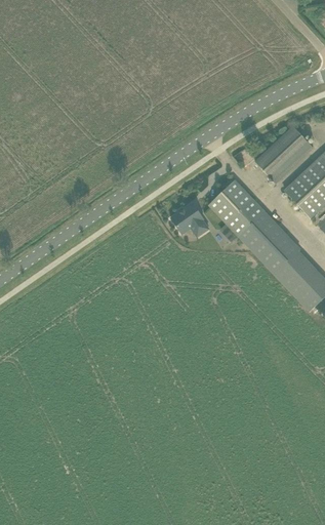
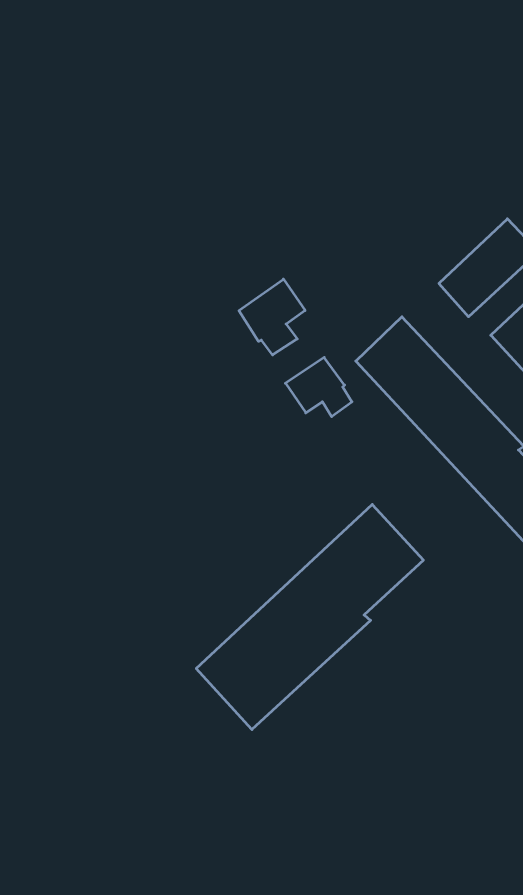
building: none -> [239,279,305,355]
building: none -> [196,504,423,730]

